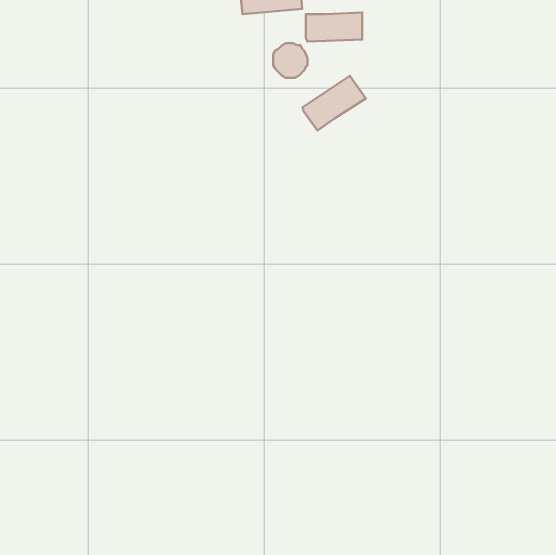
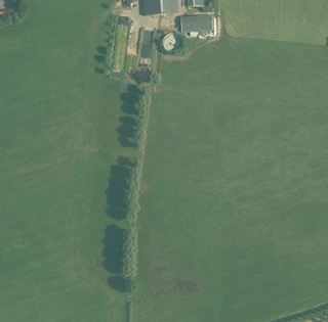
building: [303,76,366,131] -> none

